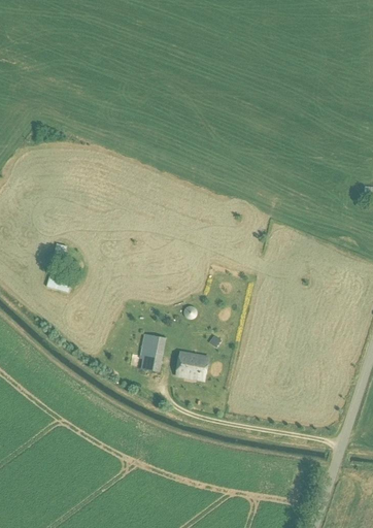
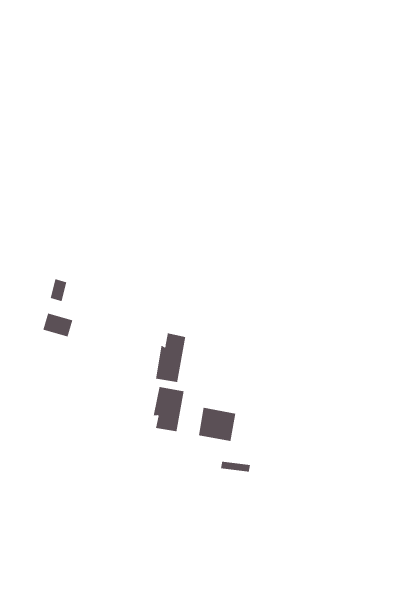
building: none -> [156,333,186,383]

